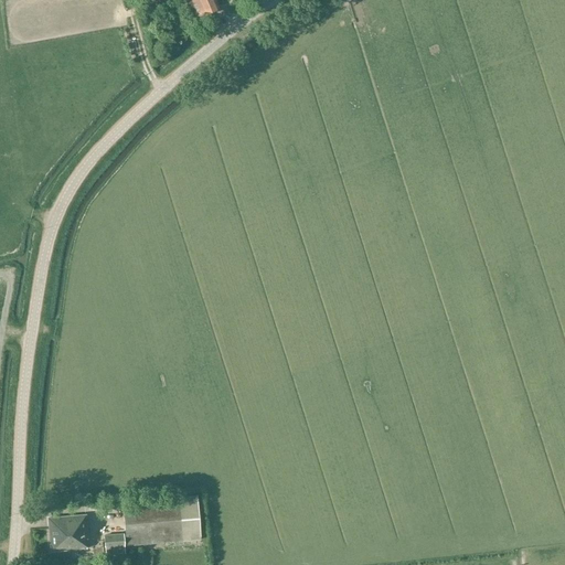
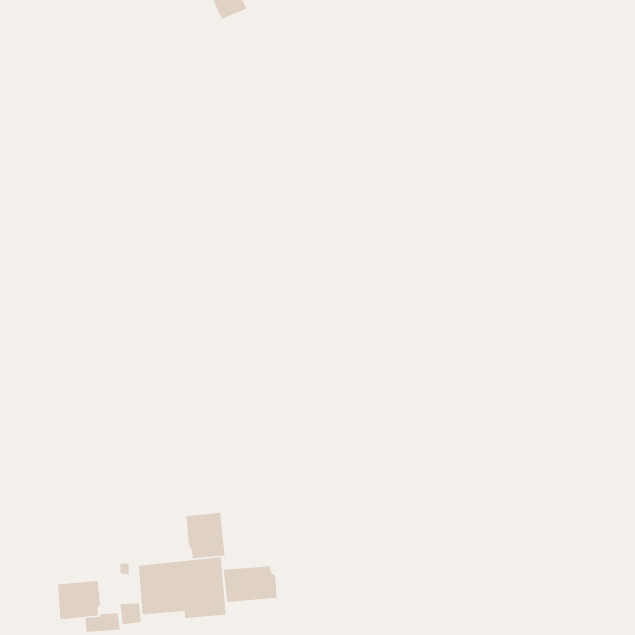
building: none -> [186,512,225,559]
building: none -> [223,565,277,603]

